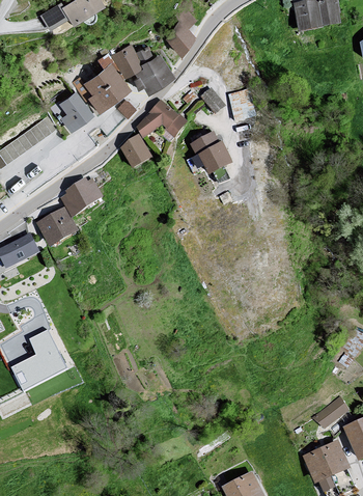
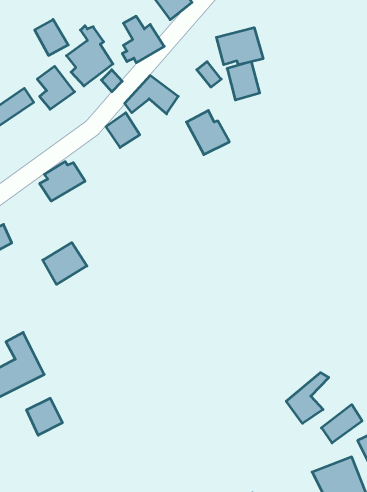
building: [112,45,142,77] -> [35,19,68,55]
building: none -> [216,28,263,65]
building: [37,208,77,245] -> [43,243,87,284]
building: none -> [286,373,329,423]
building: none -> [27,398,62,435]

